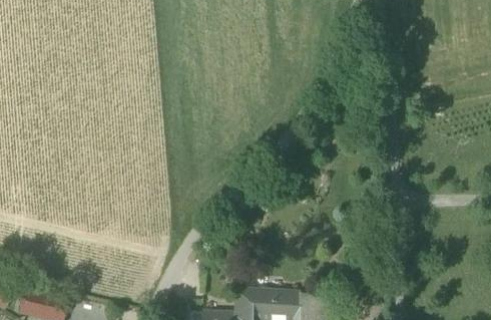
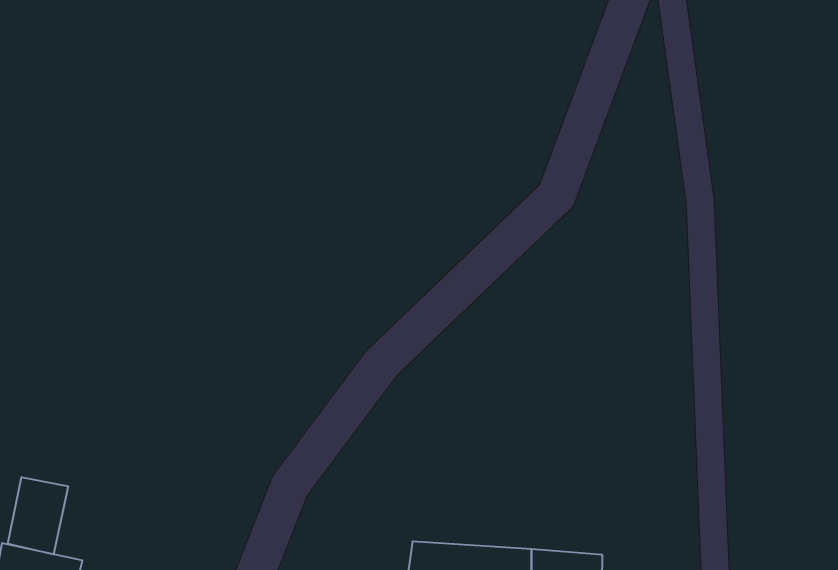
building: none -> [8,477,68,554]

